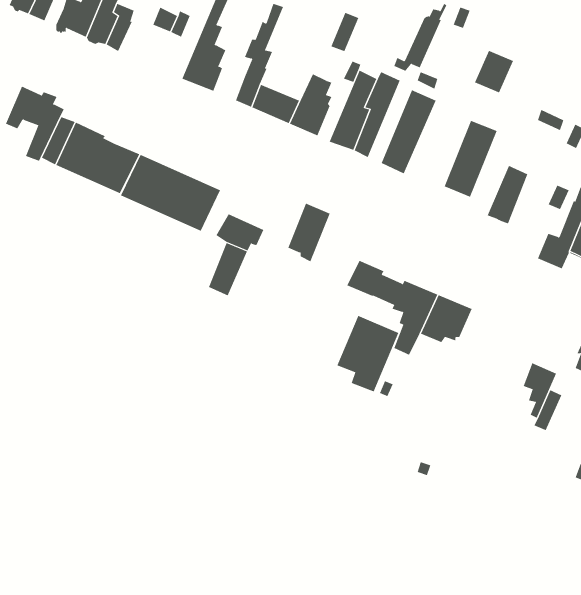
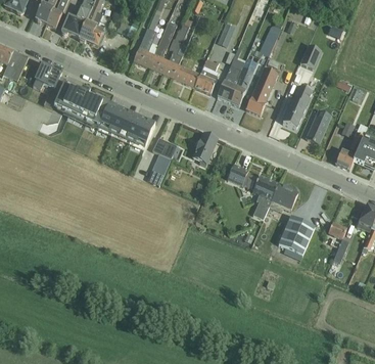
building: none -> [151,21,177,74]
building: [336,315,399,392] -> [279,216,315,260]

